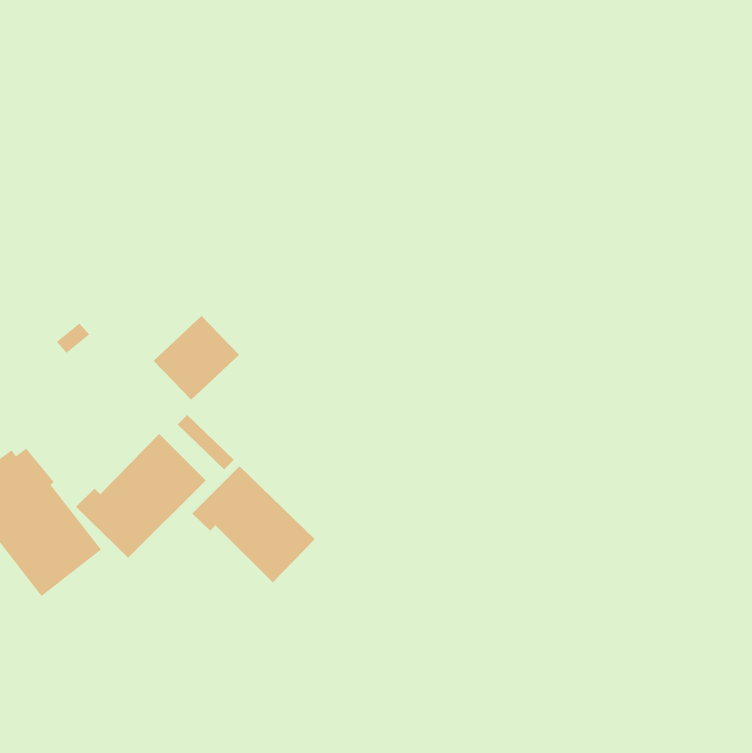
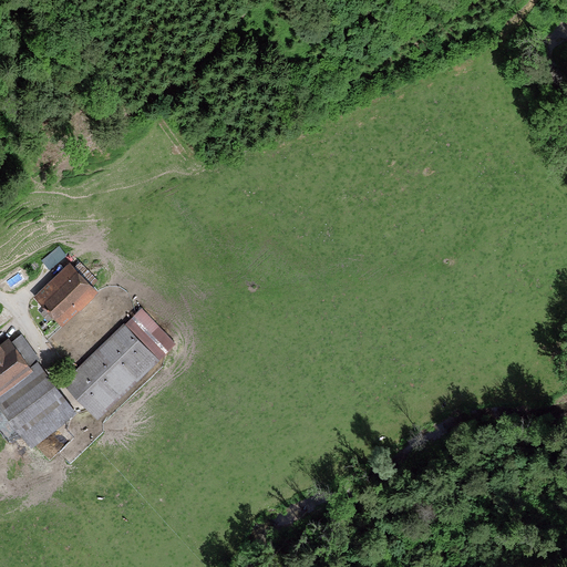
building: [153,315,240,401] -> [33,262,99,327]
building: [191,466,315,583] -> none

